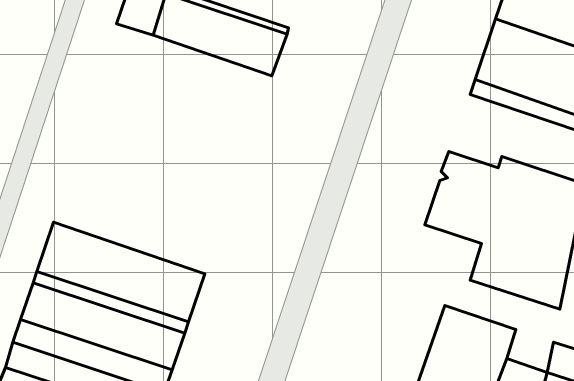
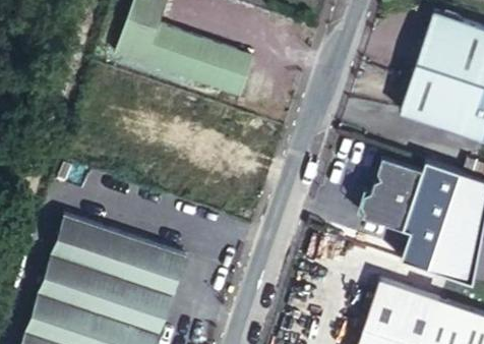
building: none -> [429,301,467,336]

